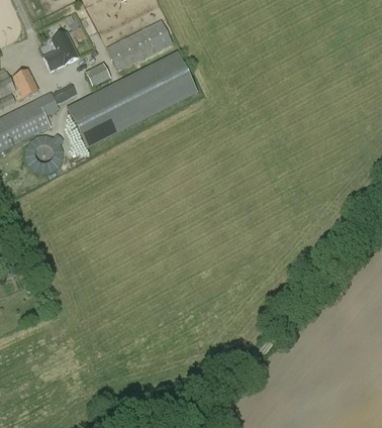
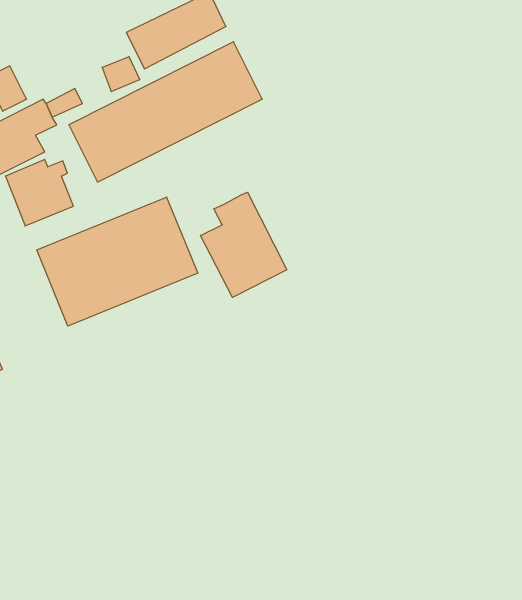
building: [42,32,78,71] -> none
building: none -> [200,192,287,297]
building: none -> [37,197,198,326]

